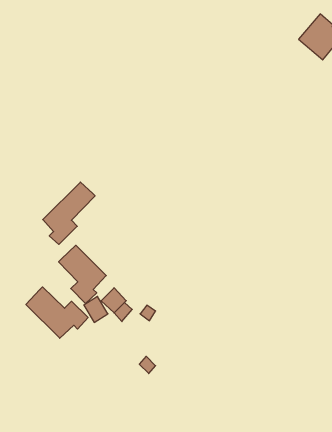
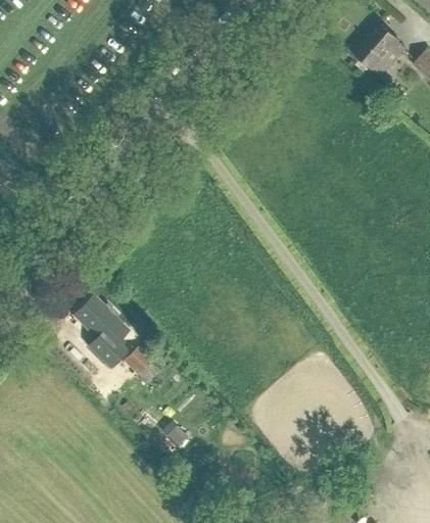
building: [43,182,95,244] -> none
building: [26,287,88,338] -> none

